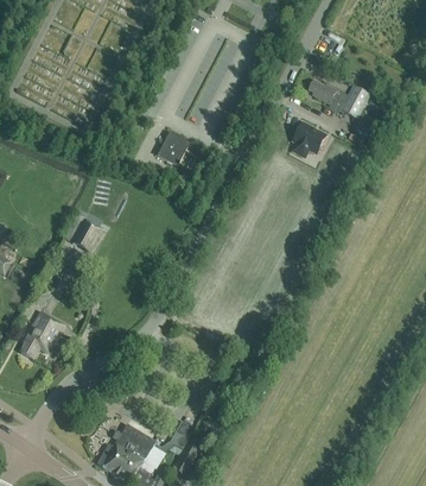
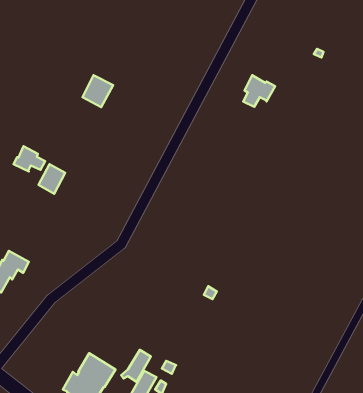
building: [310,80,370,118] -> none
building: [157,131,190,165] -> [82,75,113,107]
building: none -> [13,146,45,171]

